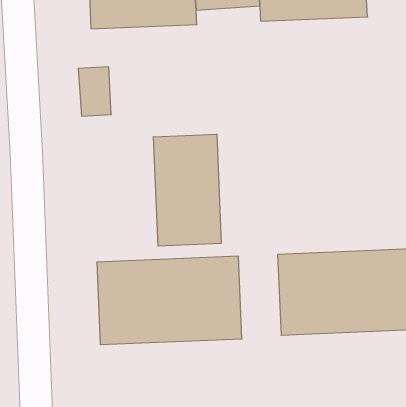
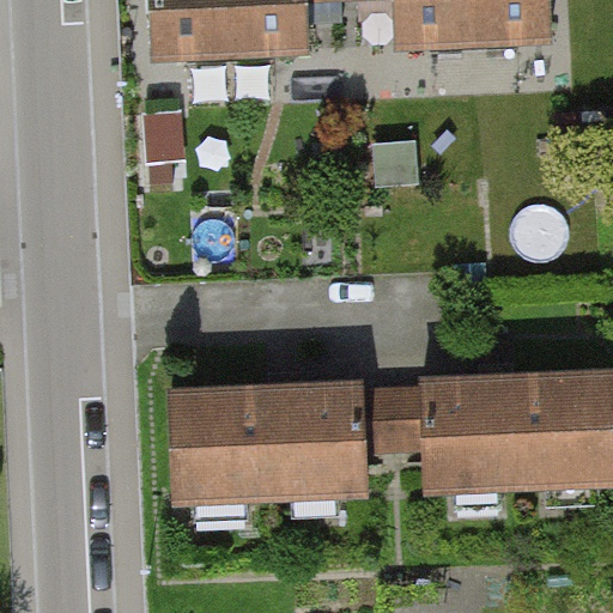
building: [153,134,221,246] -> none

